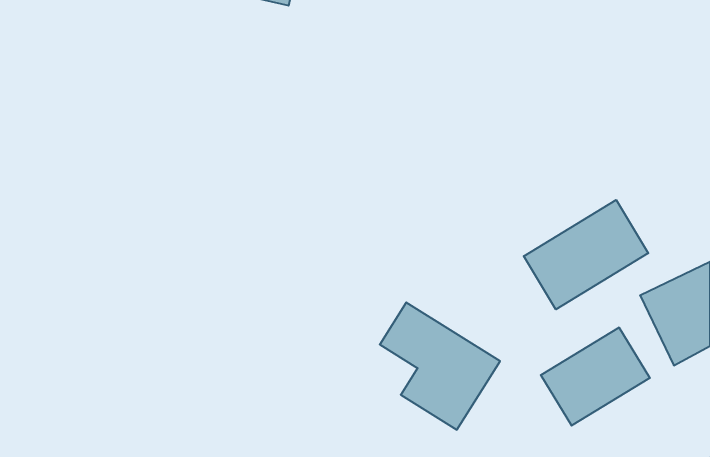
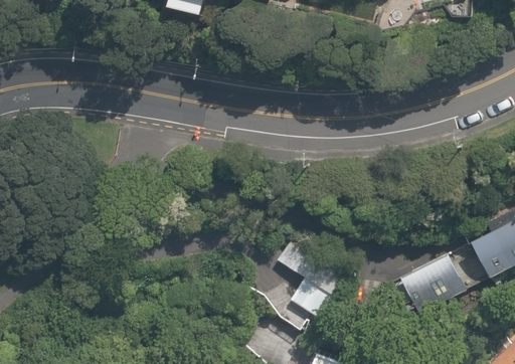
building: [524,200,648,309] -> none

